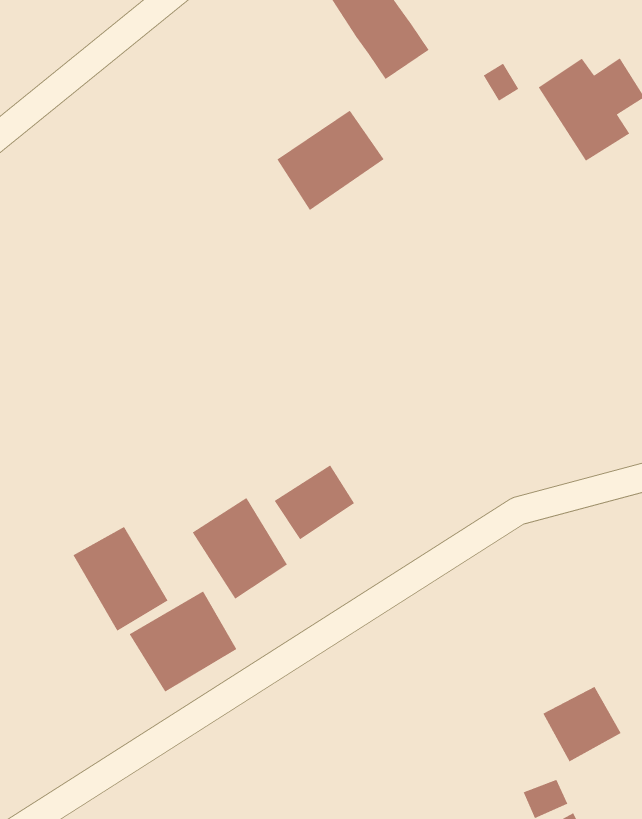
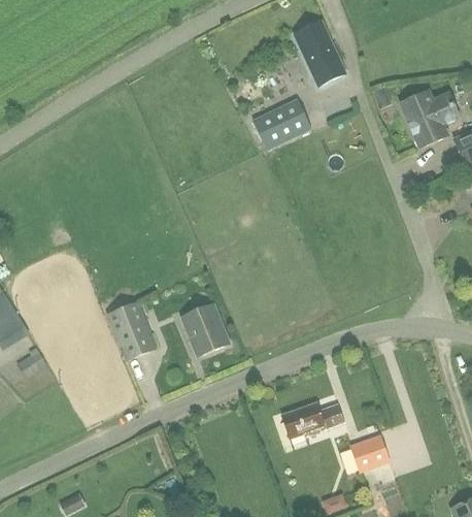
building: [274,464,355,540] -> none
building: [129,591,237,693] -> none
building: none -> [281,401,345,438]

